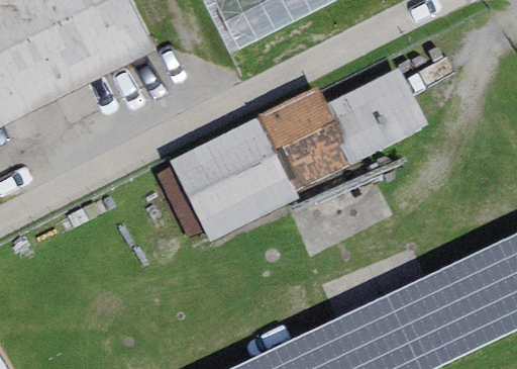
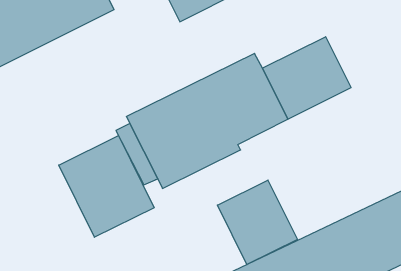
building: none -> [59,136,154,237]
building: none -> [217,180,297,265]

